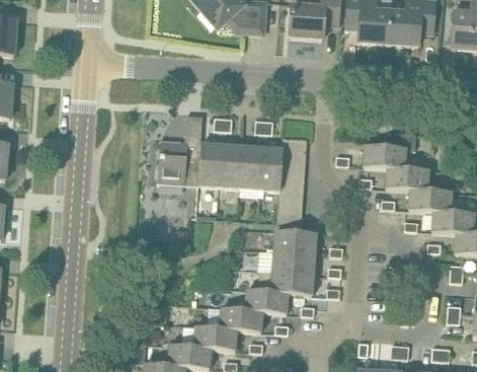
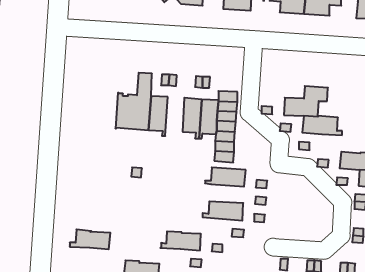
building: [218,145,241,194] -> none
building: [408,191,456,214] -> none
building: [265,251,314,275] -> none
building: [238,290,288,314] -> none
building: [186,326,236,351] -> [70,229,110,249]

